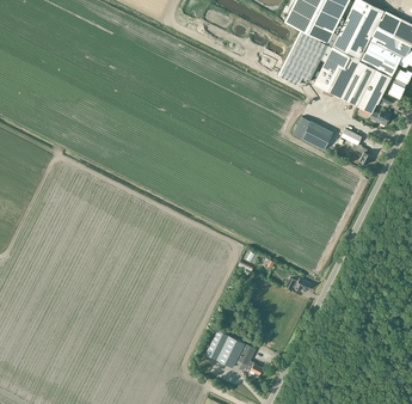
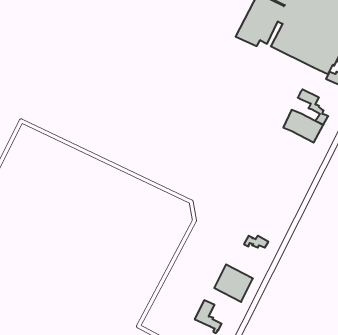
building: [293,117,333,151] -> [283,110,323,143]
building: [205,330,245,368] -> [214,264,253,302]

